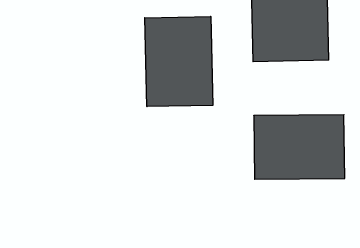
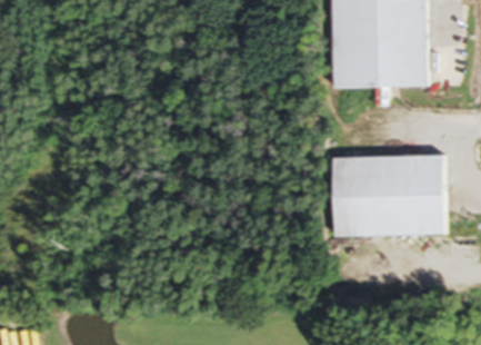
building: [145,16,213,107] -> none

